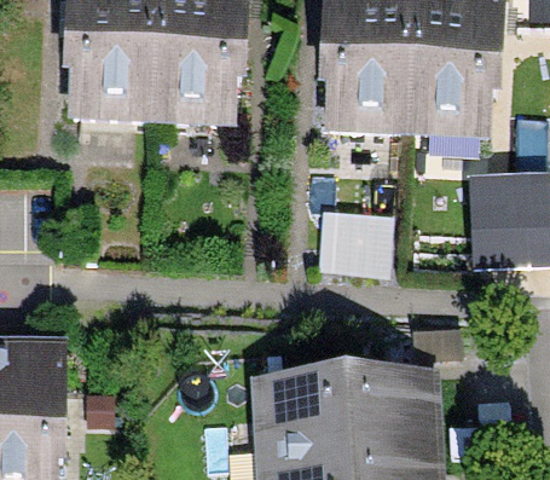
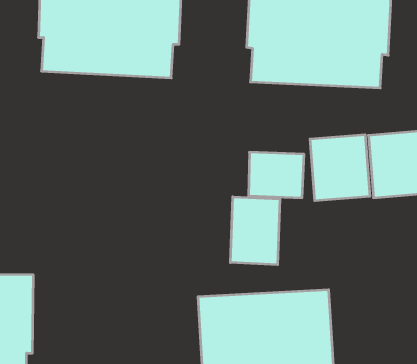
building: none -> [310,135,370,201]
building: none -> [230,197,280,265]

